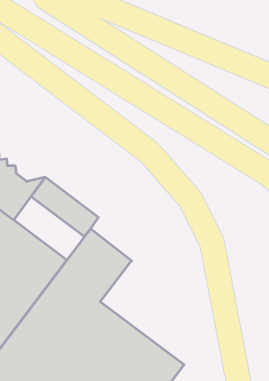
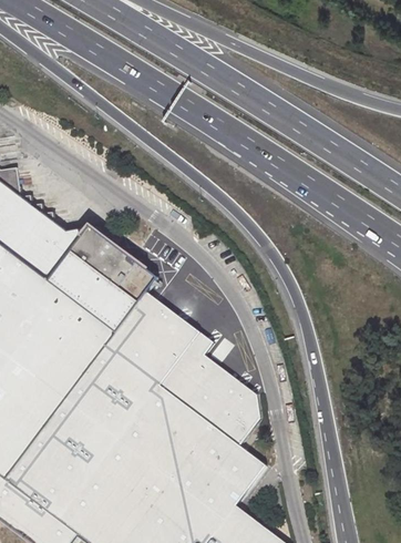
building: none -> [50,253,140,334]
building: none -> [160,335,259,447]

